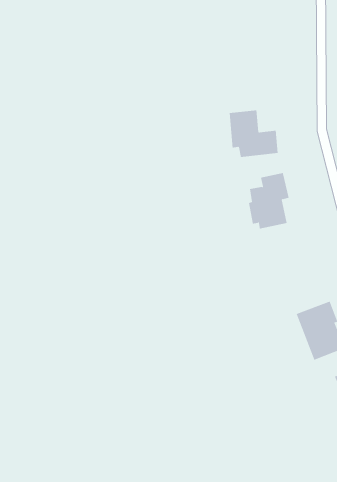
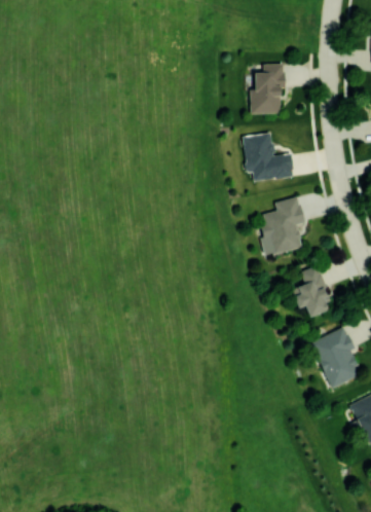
building: none -> [251,64,286,113]
building: none -> [295,265,331,317]

